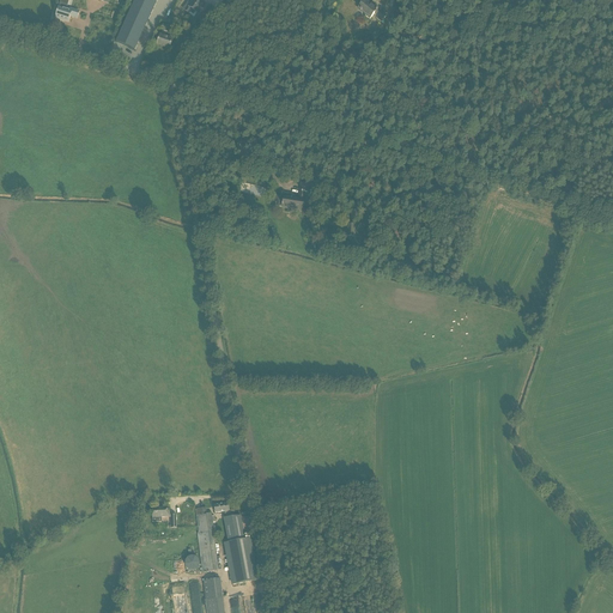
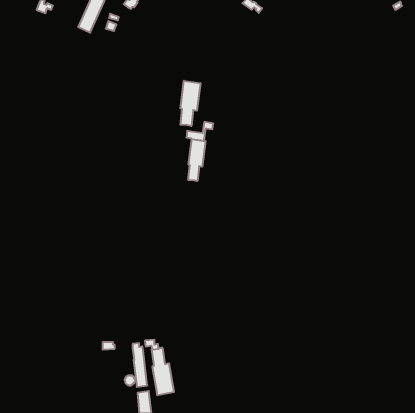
building: none -> [180,81,200,126]
building: none -> [188,139,206,181]

